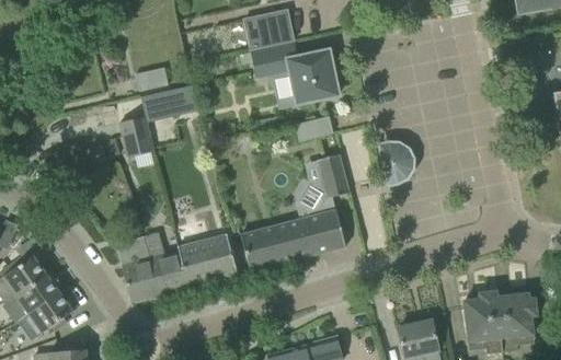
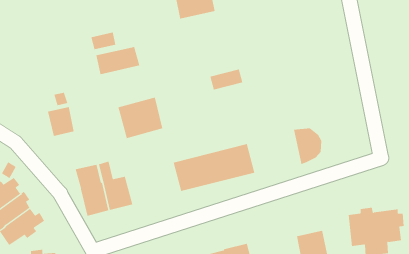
building: [239,42,337,104] -> none
building: [117,118,152,156] -> [47,107,75,137]
building: [378,135,415,182] -> [293,128,322,165]
building: [318,154,348,198] -> none
building: [179,234,237,288] -> [118,97,163,139]

